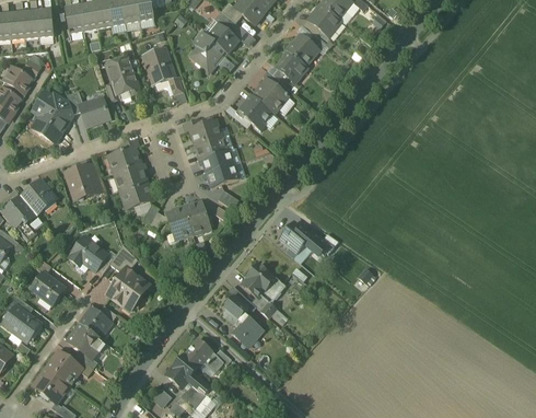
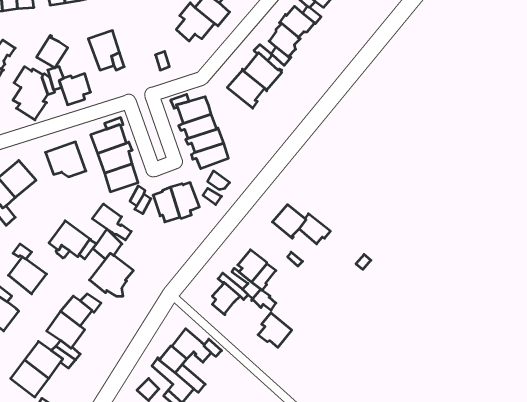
building: [143,48,173,82] -> none
building: none -> [37,35,68,68]
building: none -> [92,204,131,240]
building: [231,313,263,346] -> [258,313,292,347]

